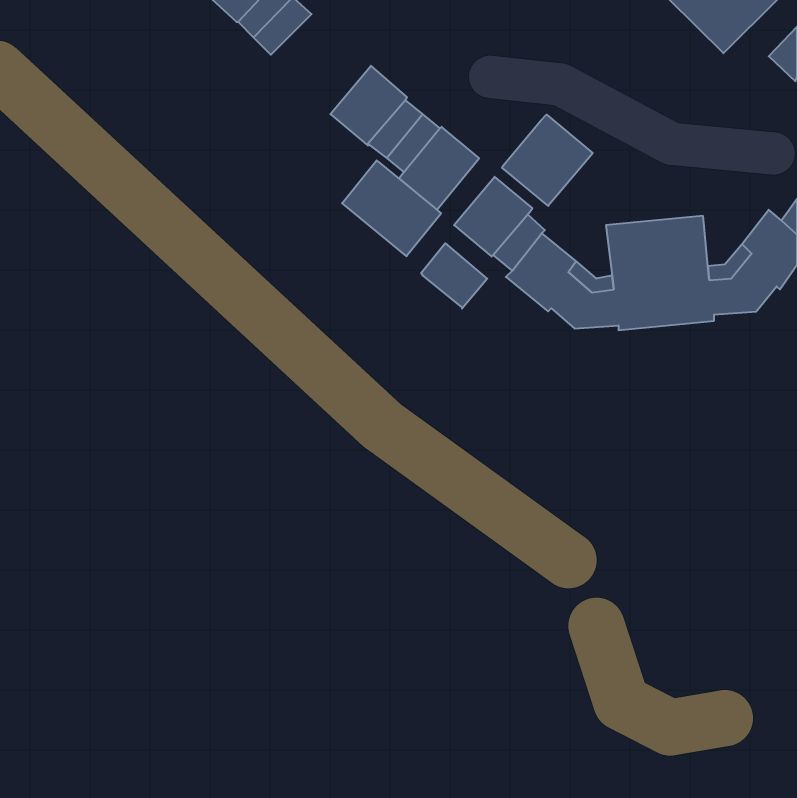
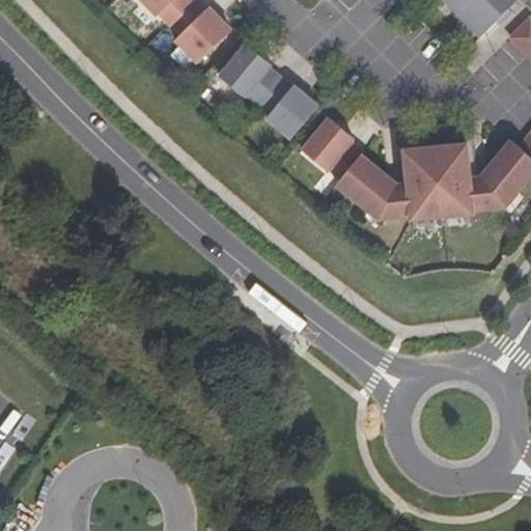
building: none -> [176,6,231,63]
building: [502,115,593,206] -> none
building: [342,160,441,256] -> none
building: [421,243,487,309] -> none

